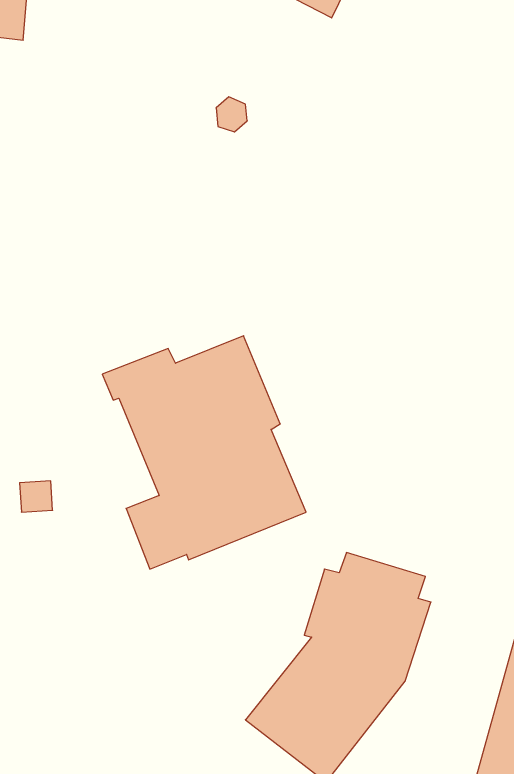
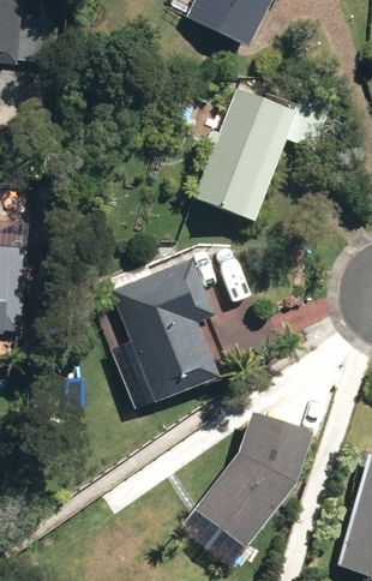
building: none -> [193,85,330,221]

